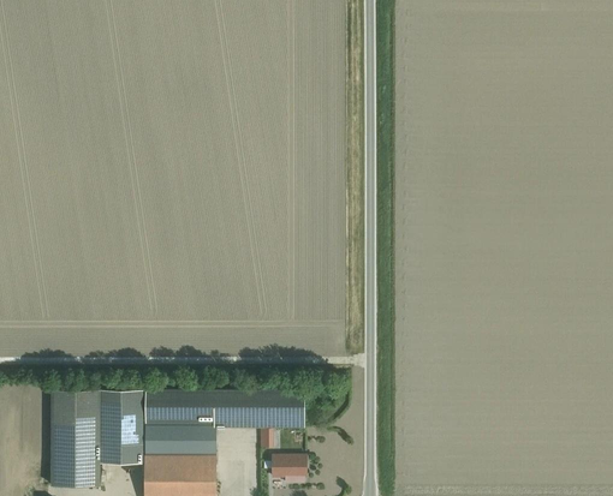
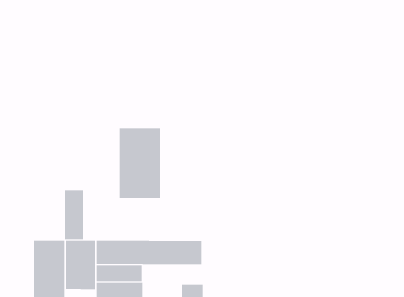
building: none -> [119,128,161,199]
building: none -> [64,190,84,240]

